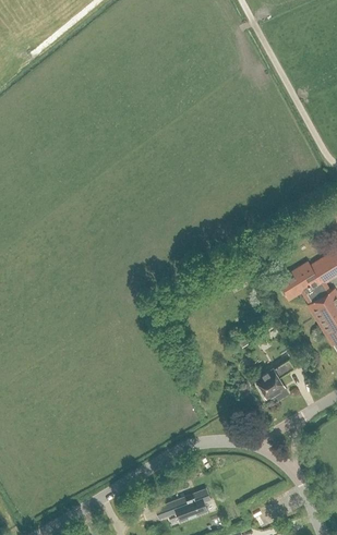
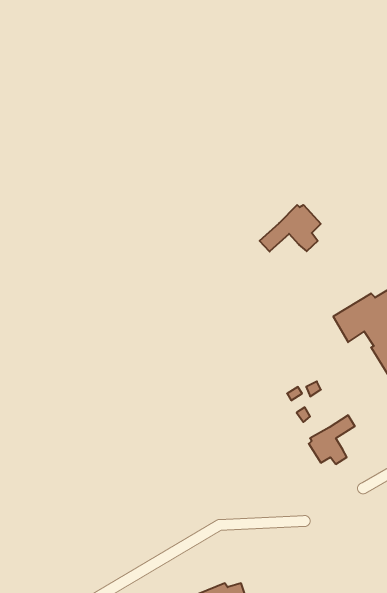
building: none -> [260,205,321,252]

